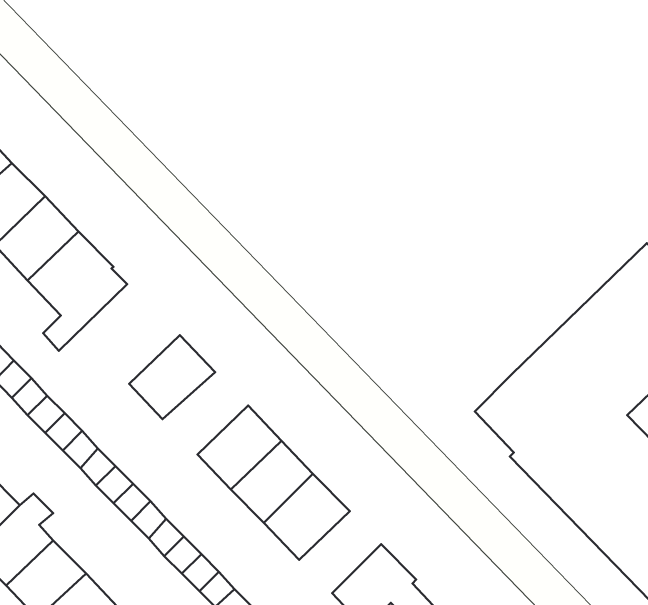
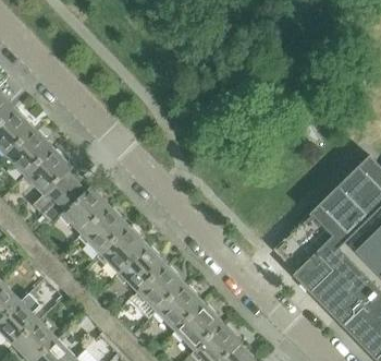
building: none -> [42,178,110,233]
building: none -> [100,227,148,273]
building: none -> [176,304,222,350]

